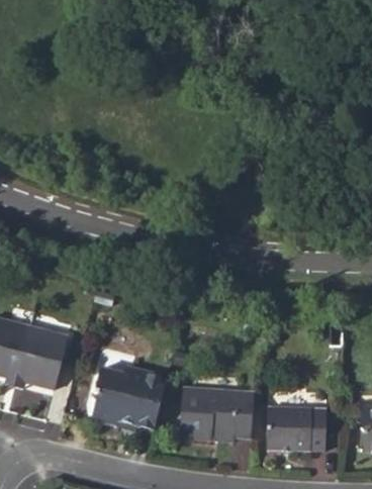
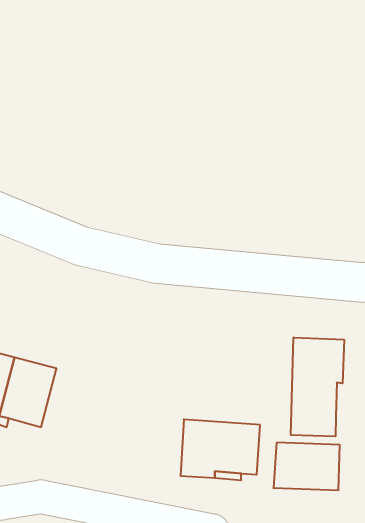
building: none -> [291,337,344,436]
building: [92,364,167,426] -> none

